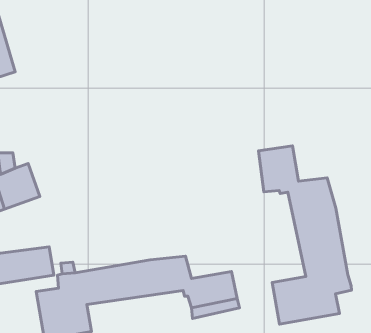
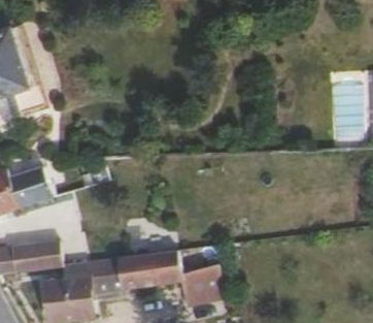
building: [258,146,351,324] -> none

